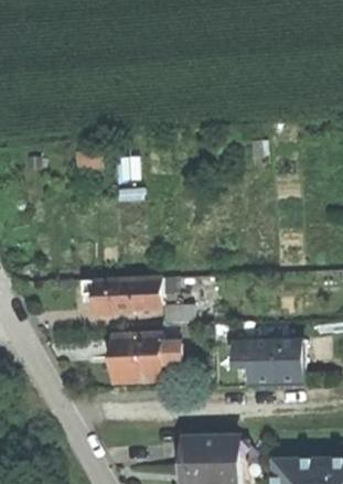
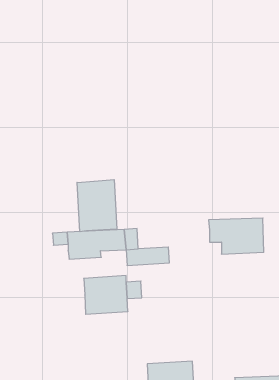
building: none -> [77,180,117,232]
building: [227,337,293,380] -> [209,218,264,254]

